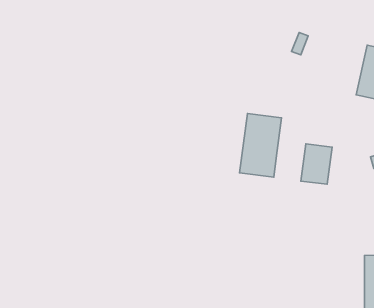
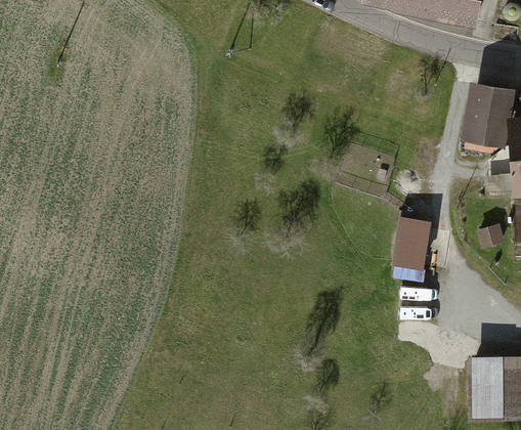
building: [240,114,282,177] -> none

